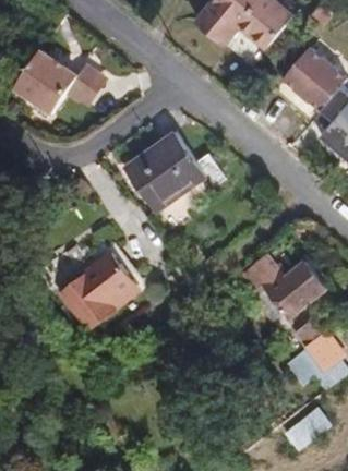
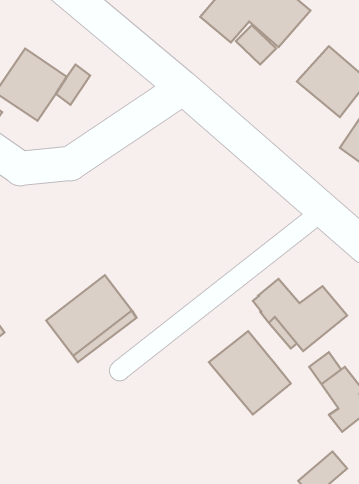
building: [123,132,226,212] -> none
building: none -> [209,331,291,415]

